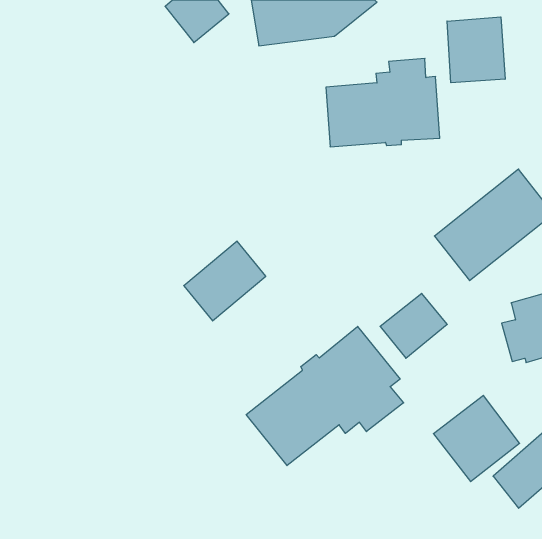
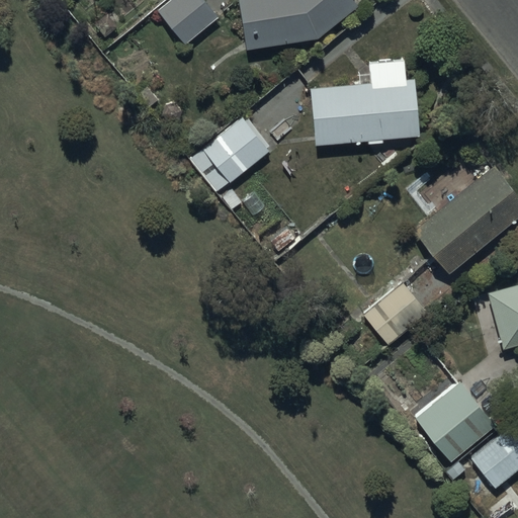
building: [447,17,505,83] -> none
building: [184,241,266,321] -> [192,116,270,192]
building: [246,326,404,466] -> none

